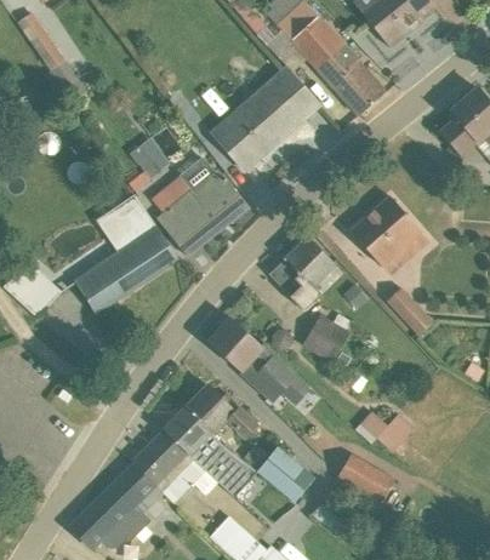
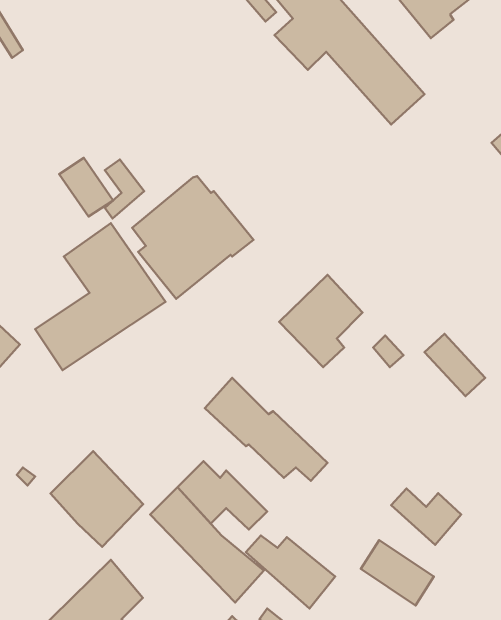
building: [211,67,319,171] -> none
building: none -> [59,158,113,217]
building: [352,196,422,268] -> none
building: [303,314,355,362] -> none
building: [132,428,206,504] -> [51,451,143,547]

